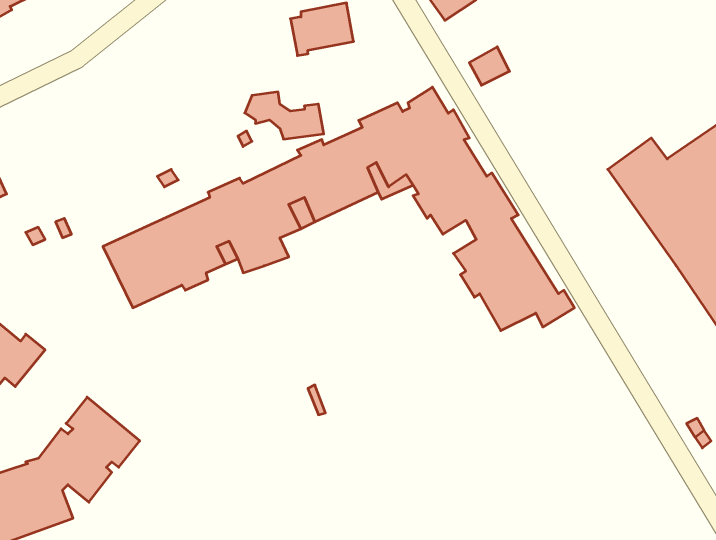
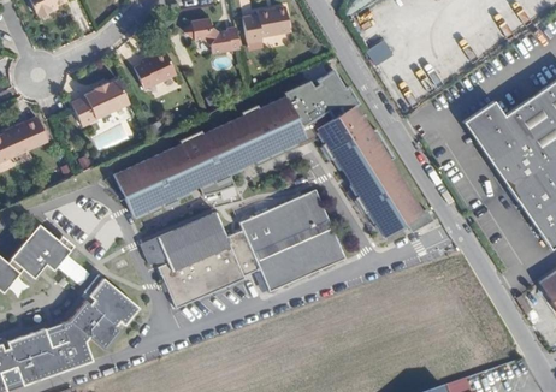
building: none -> [135,54,177,93]
building: [245,92,324,139] -> [185,20,239,53]
building: none -> [71,81,129,126]
building: none -> [142,188,347,305]

